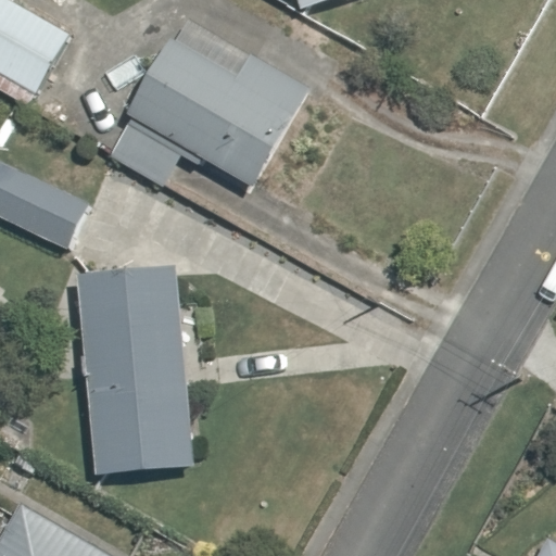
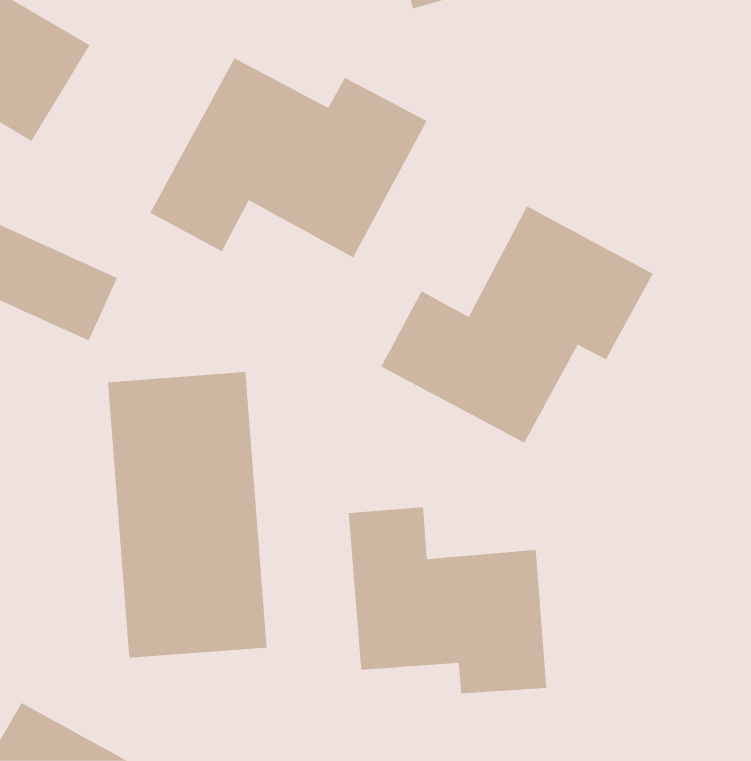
building: none -> [381,205,654,443]
building: none -> [348,507,547,694]

